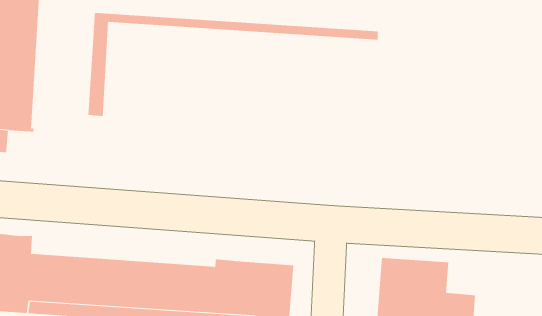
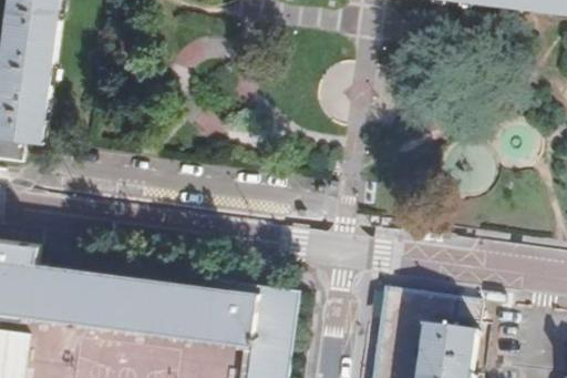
building: [88,12,378,117] -> none

